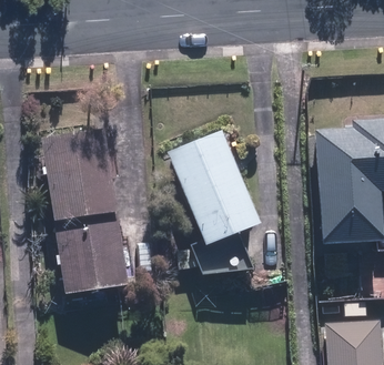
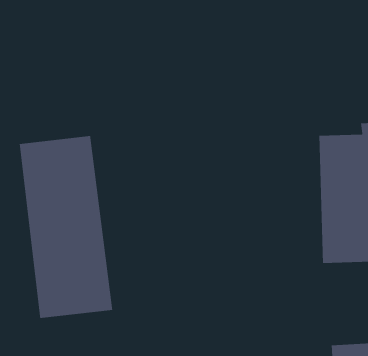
building: [164,128,261,276] -> none

